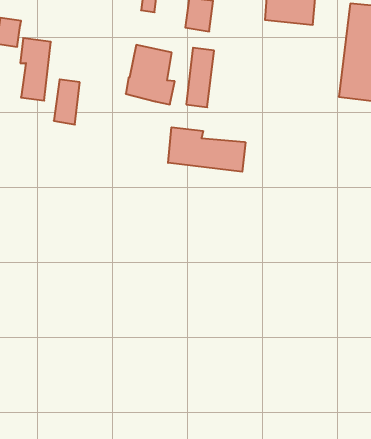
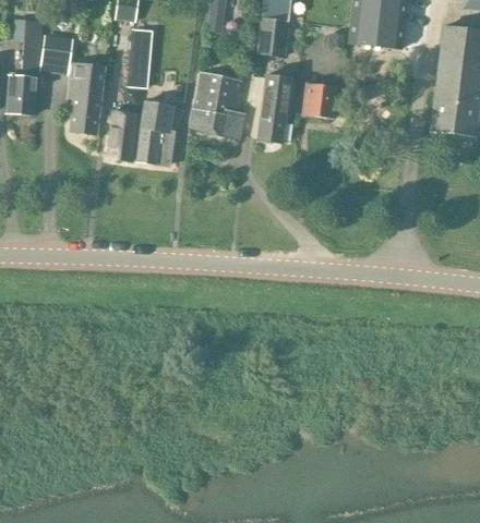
building: none -> [128,29,152,88]
building: none -> [301,83,336,118]
building: none -> [136,100,173,165]
building: [168,127,245,172] -> none

